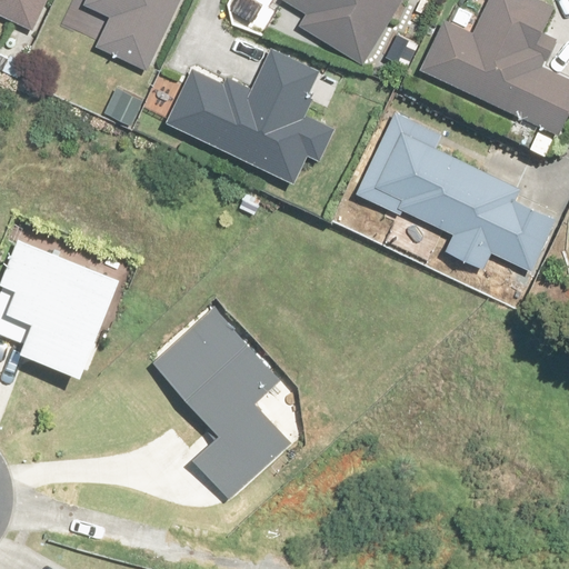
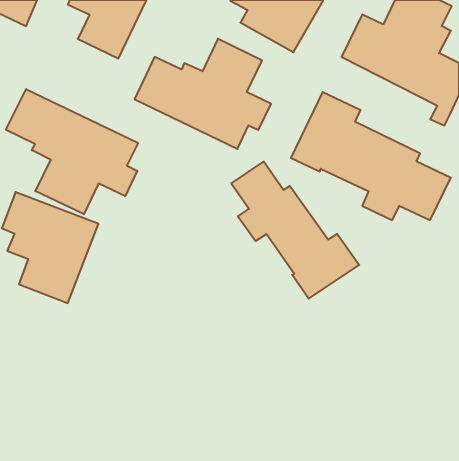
building: none -> [6,89,138,214]
building: none -> [231,162,359,299]
building: [150,302,289,499] -> none

